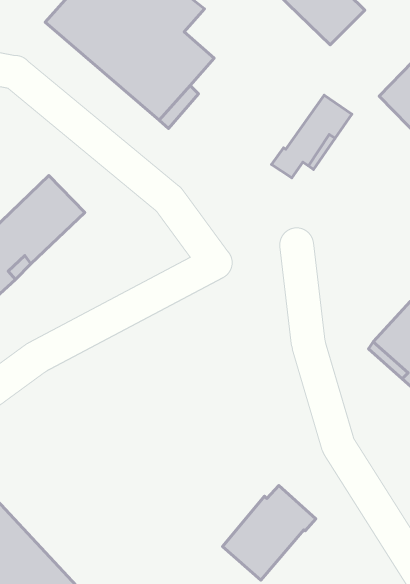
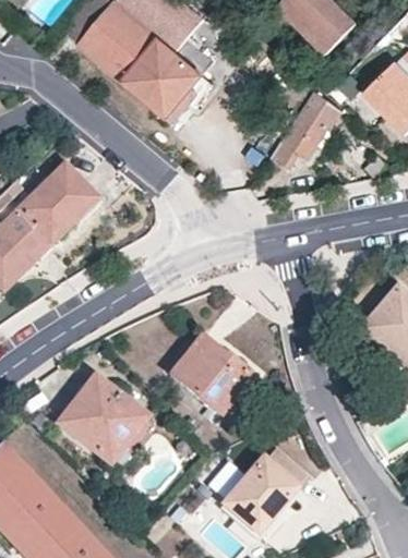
building: none -> [171,337,251,414]
building: none -> [58,376,147,464]

